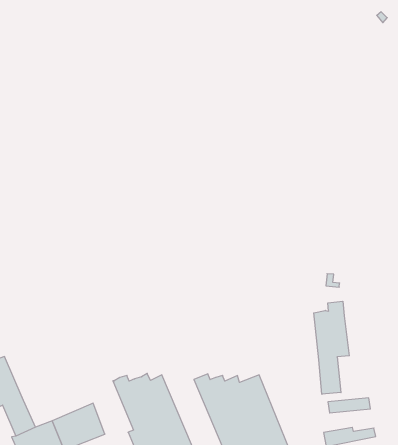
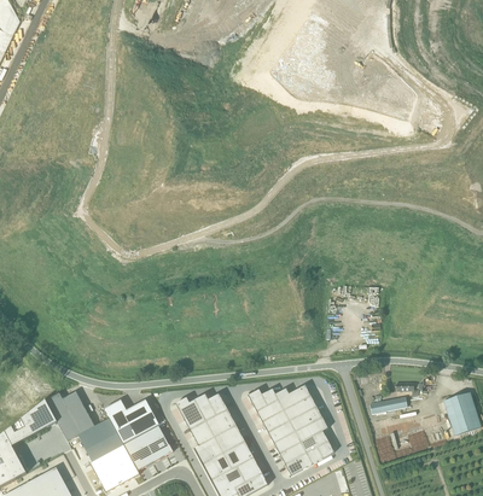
building: [314,301,349,394] -> none
building: none -> [105,399,159,444]

